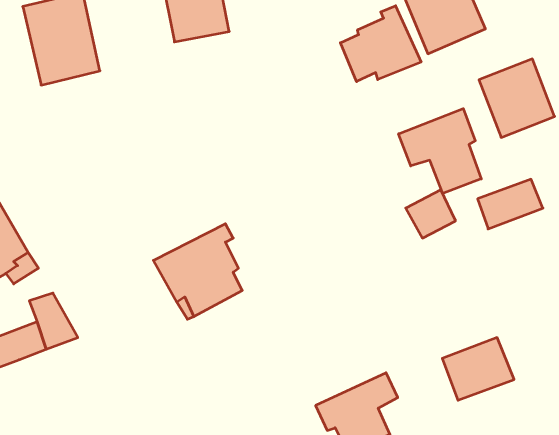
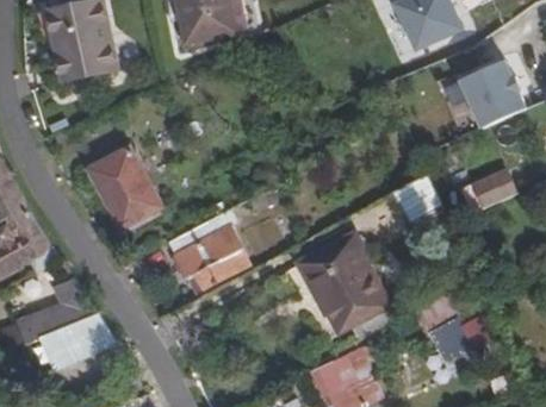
building: [340,6,421,82] -> none
building: [399,109,481,194] -> none
building: none -> [87,148,159,230]
building: none -> [298,236,387,334]
building: none -> [41,313,112,364]

